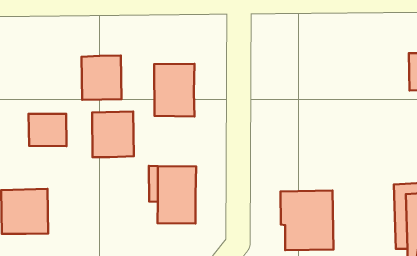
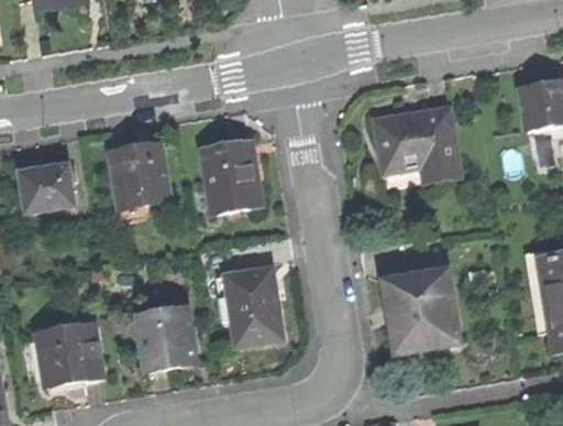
building: none -> [371,114,456,182]
building: [92,112,134,157] -> [137,304,197,368]
building: [29,114,67,146] -> [23,165,76,211]

